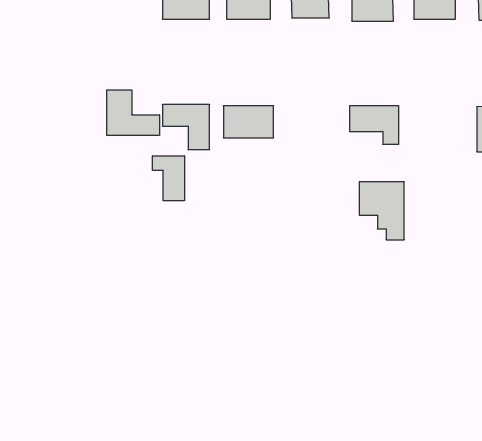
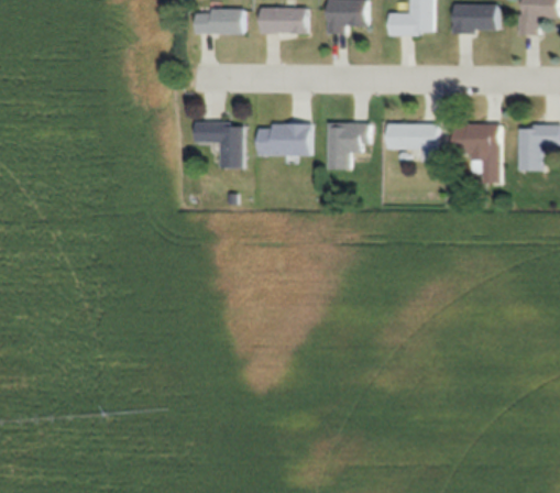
building: [107,90,159,135] -> none
building: none -> [327,122,370,168]
building: [153,156,184,201] -> none
building: [359,182,404,240] -> [454,123,501,183]

